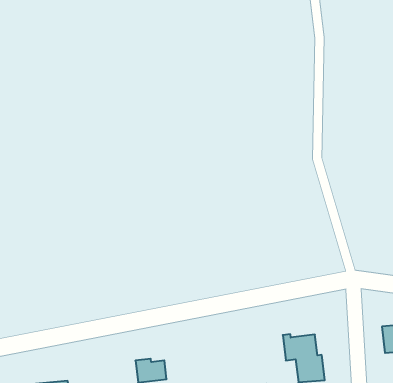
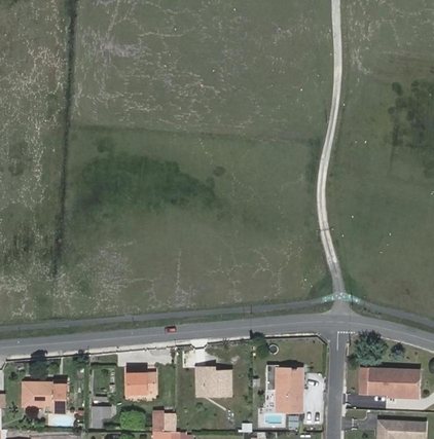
building: none -> [196,367,230,395]

